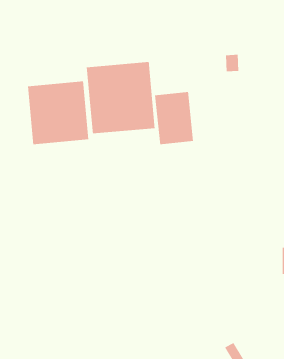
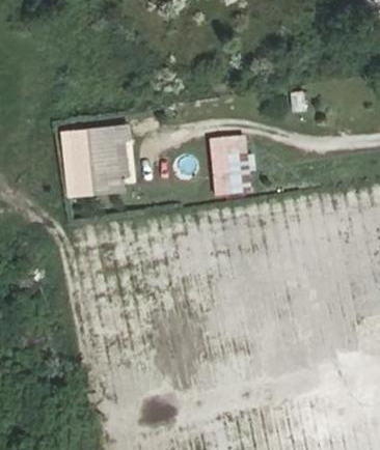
building: [86,61,155,134] -> none

